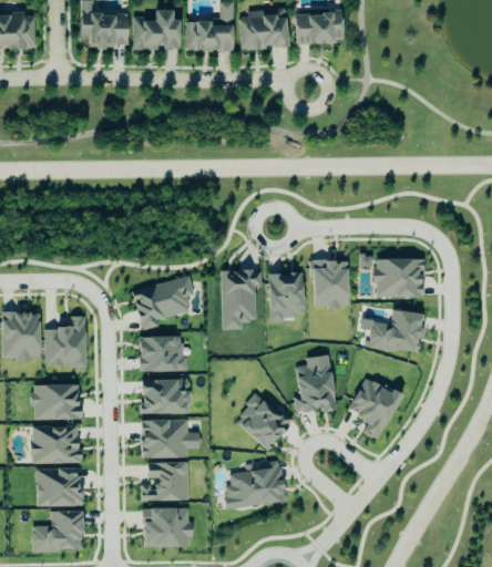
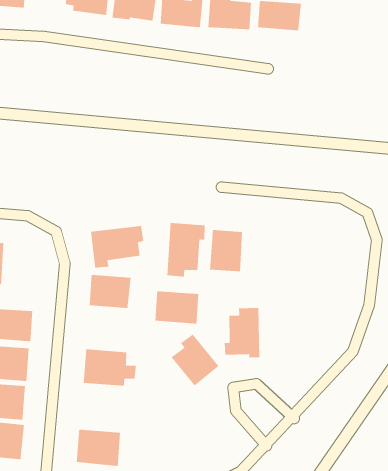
building: [375,258,423,297] -> none
building: [311,260,348,308] -> none
building: [360,310,423,353] -> none
building: [44,316,86,368] -> none
building: [348,378,402,441] -> none
building: [141,379,189,414] -> [154,290,199,324]
building: [141,462,188,502] -> none
building: [224,465,285,509] -> none

